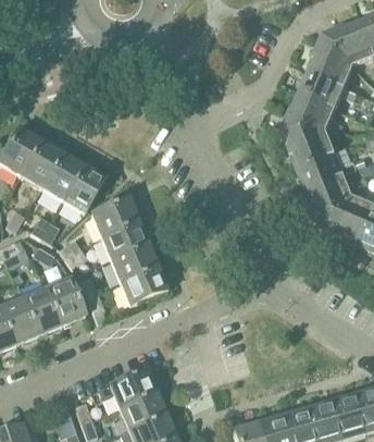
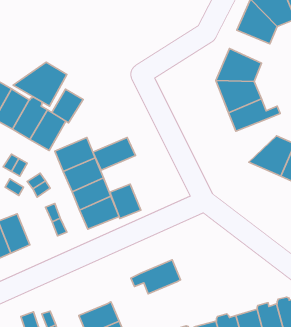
building: [298,70,359,109] -> none
building: none -> [13,62,67,106]
building: none -> [52,89,83,123]
building: [306,174,353,226] -> none
building: none -> [93,137,135,170]
building: none -> [110,184,141,219]
building: [47,277,86,324] -> none
building: [99,368,158,408] -> [131,260,181,294]

